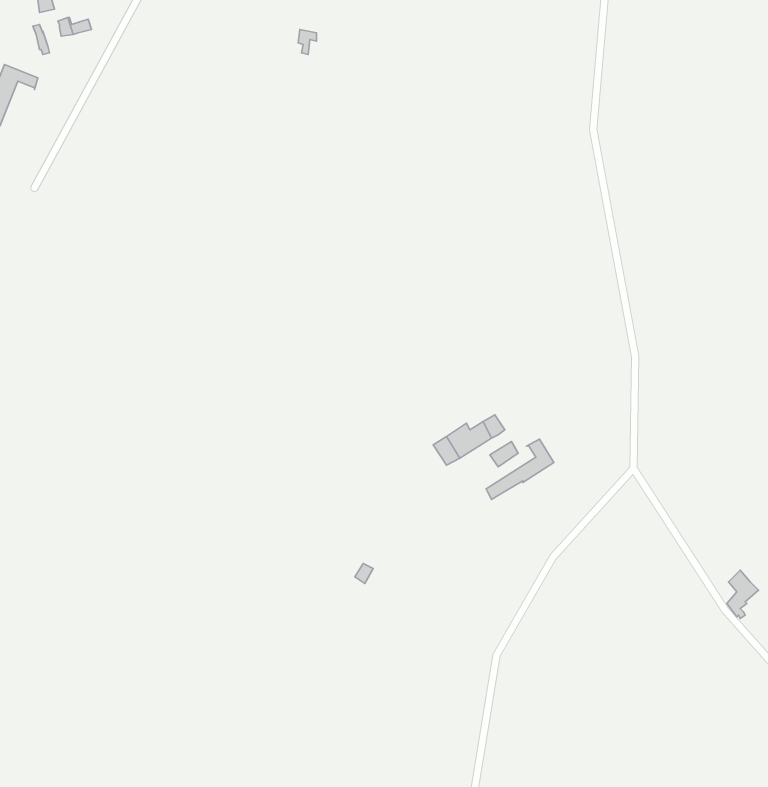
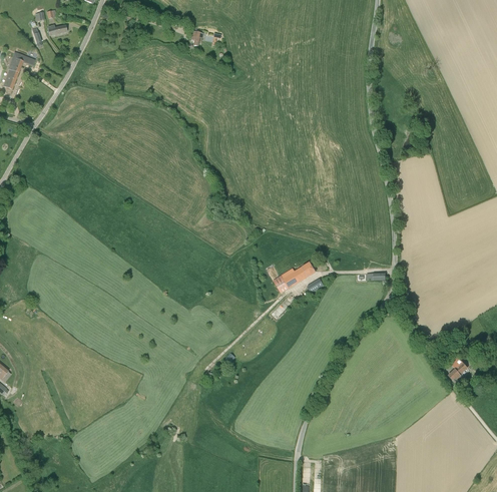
building: [486,439,554,500] -> none

